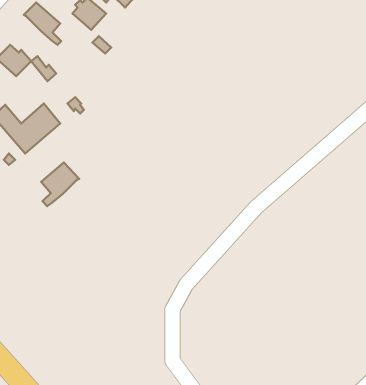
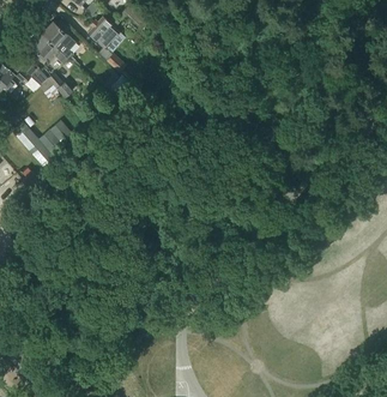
building: none -> [30,36,68,66]
building: [41,162,79,206] -> none

